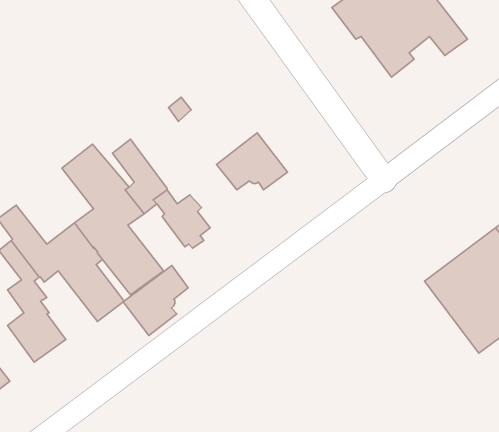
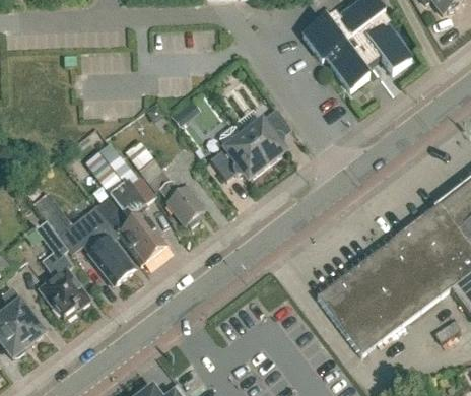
building: none -> [242,109,290,164]
building: [123,265,188,336] -> none
building: none -> [319,252,419,353]

